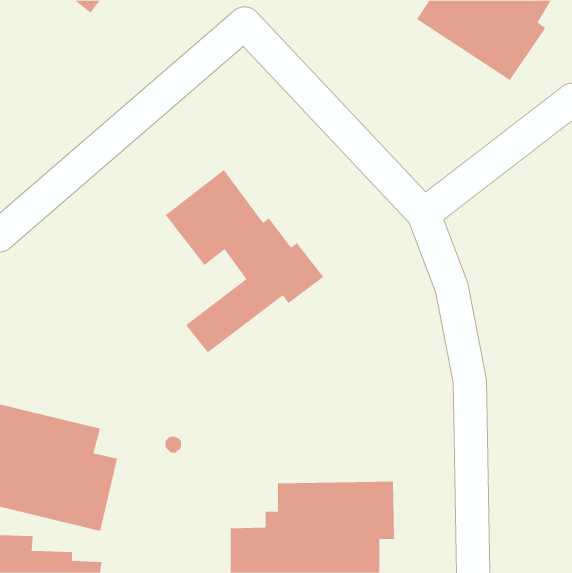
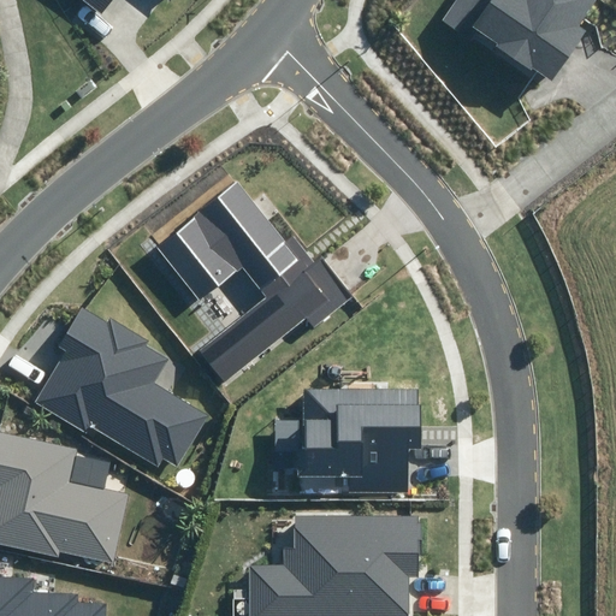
building: none -> [35,309,205,464]
building: none -> [273,386,420,493]

